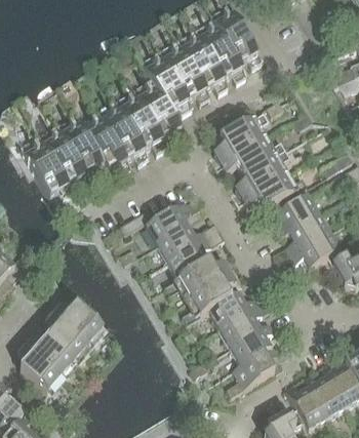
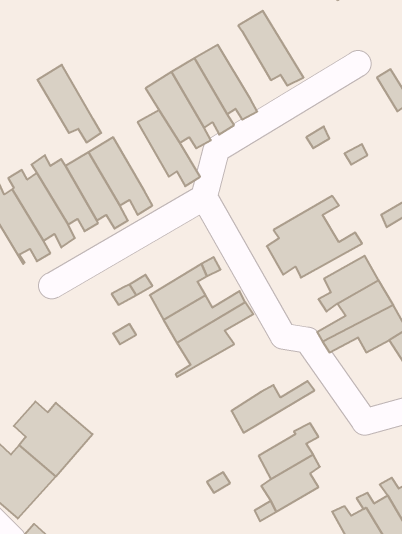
building: [198,26,246,82] -> none
building: [119,94,167,153] -> [37,65,101,142]
building: [213,112,284,175] -> none
building: [167,262,236,322] -> none
building: [217,296,275,346] -> none

